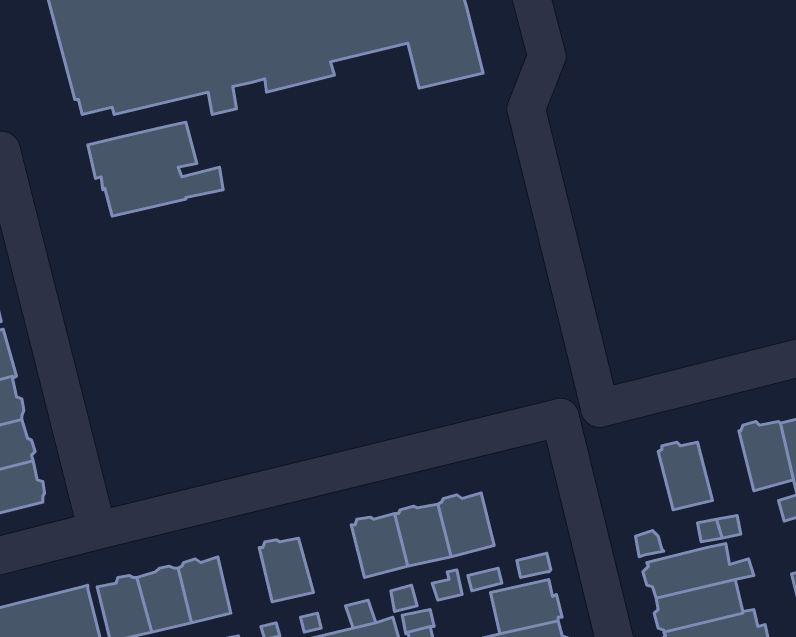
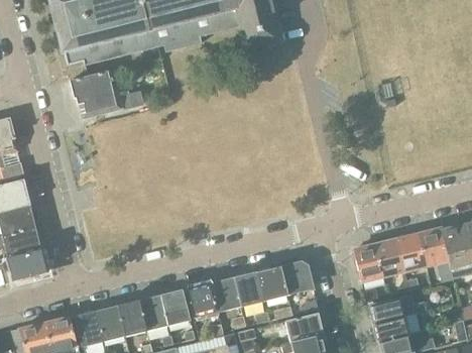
building: none -> [397,232,428,270]
building: none -> [354,242,384,281]
building: none -> [281,261,314,295]
building: none -> [188,283,219,318]
building: none -> [140,296,169,331]

